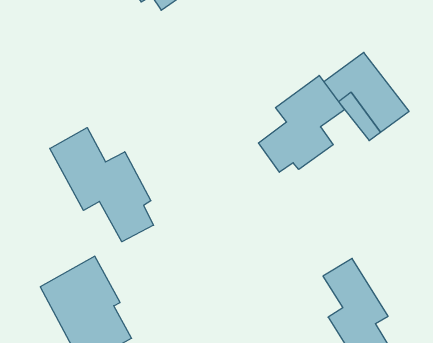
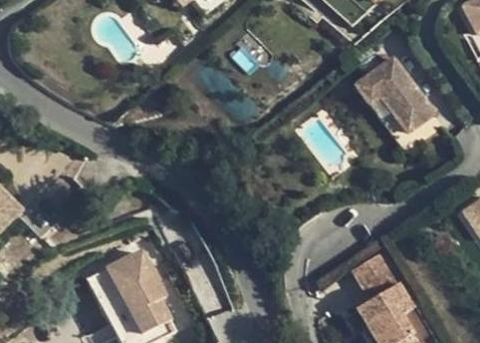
building: [258,75,345,172] -> none
building: [50,128,154,242] -> none

